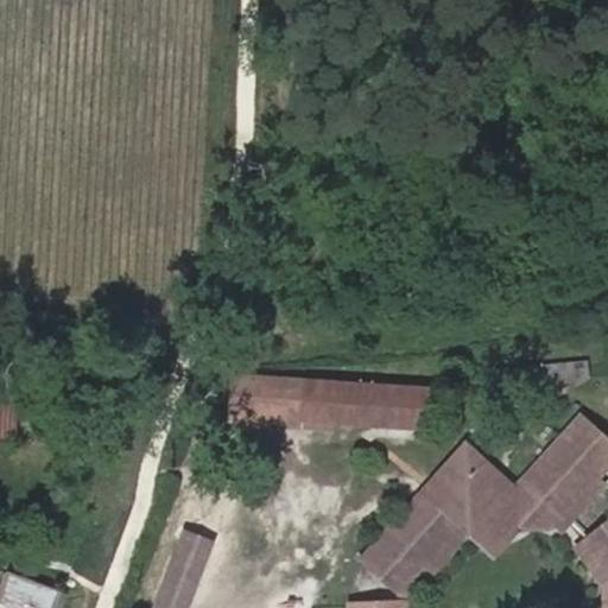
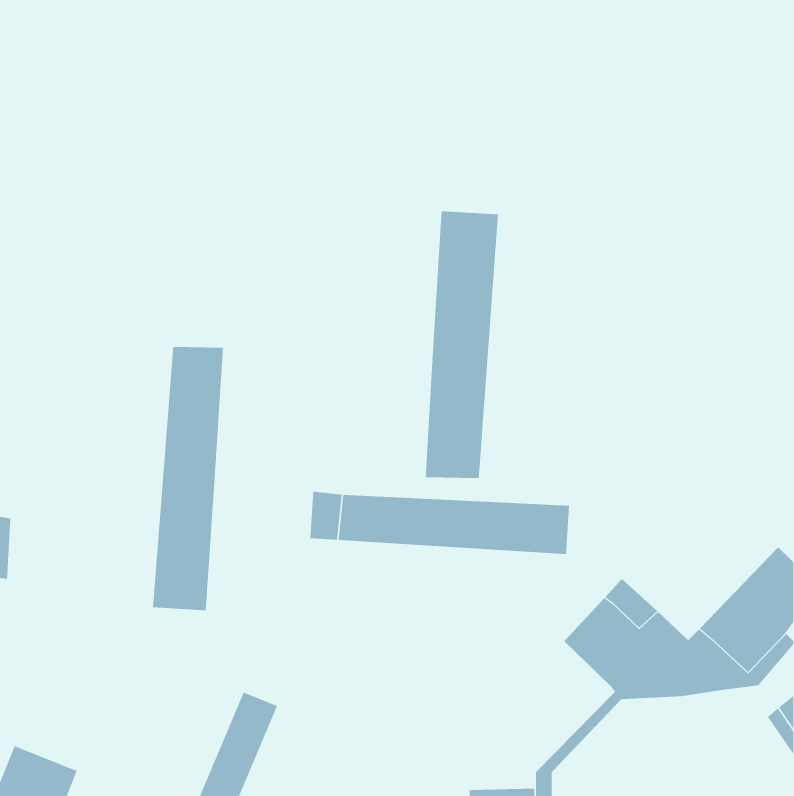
building: none -> [425,211,498,479]
building: none -> [152,346,224,611]
building: [365,490,462,589] -> none

